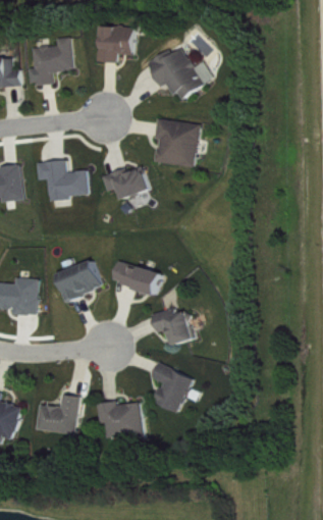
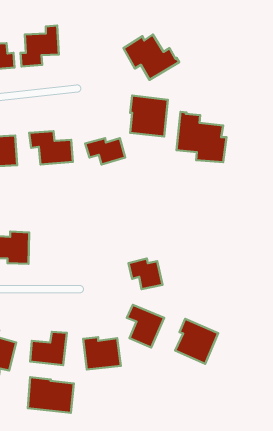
building: [96,25,132,62] -> none
building: none -> [177,112,227,162]
building: [55,260,101,301] -> none
building: [111,261,160,294] -> none
building: none -> [175,319,218,364]
building: none -> [28,377,74,413]

